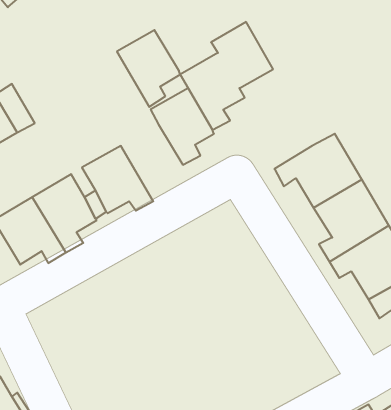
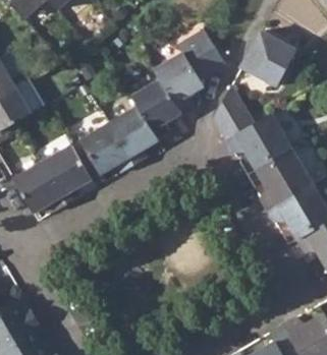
building: none -> [240,32,296,86]
building: [117,30,180,107] -> [109,107,157,165]
building: none -> [212,84,254,140]

